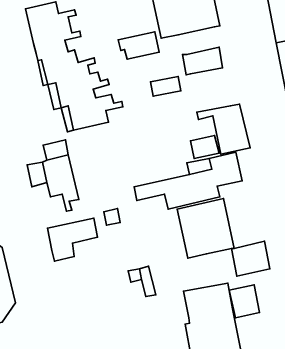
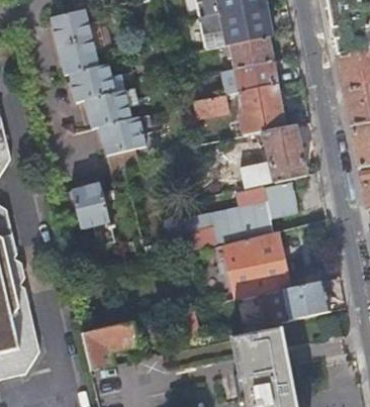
building: [118,32,159,59] -> [225,37,272,69]
building: none -> [240,84,285,135]
building: [47,218,97,261] -> [82,322,138,371]
building: [229,285,260,318] -> [258,289,292,326]

